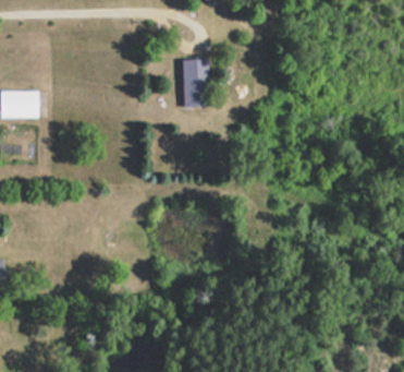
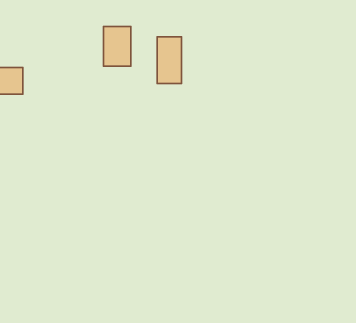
building: none -> [104,27,131,66]

